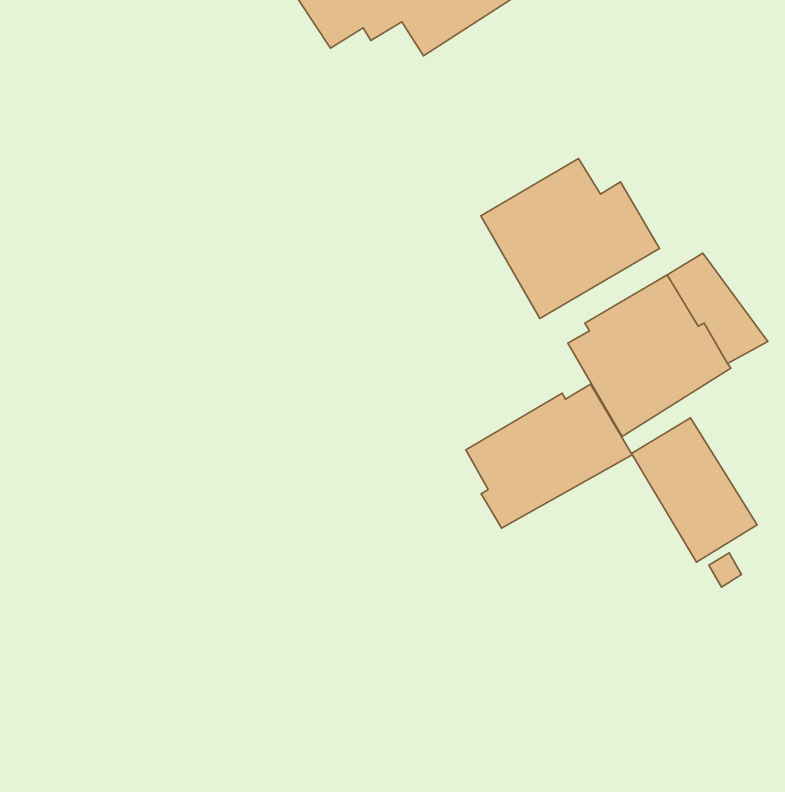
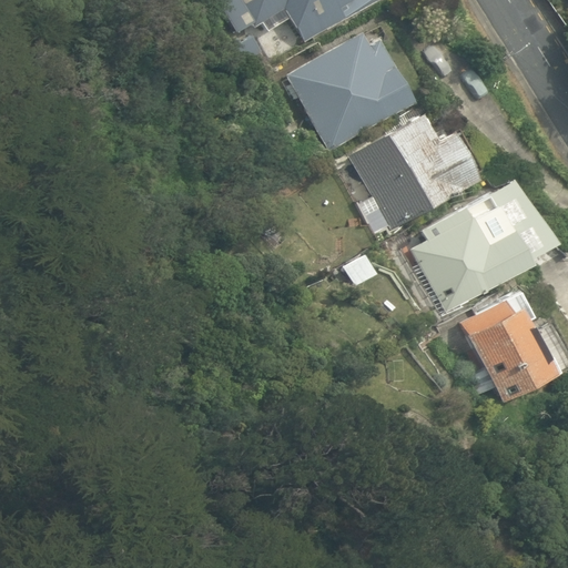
building: none -> [288,33,413,148]
building: [466,384,632,528] -> none

